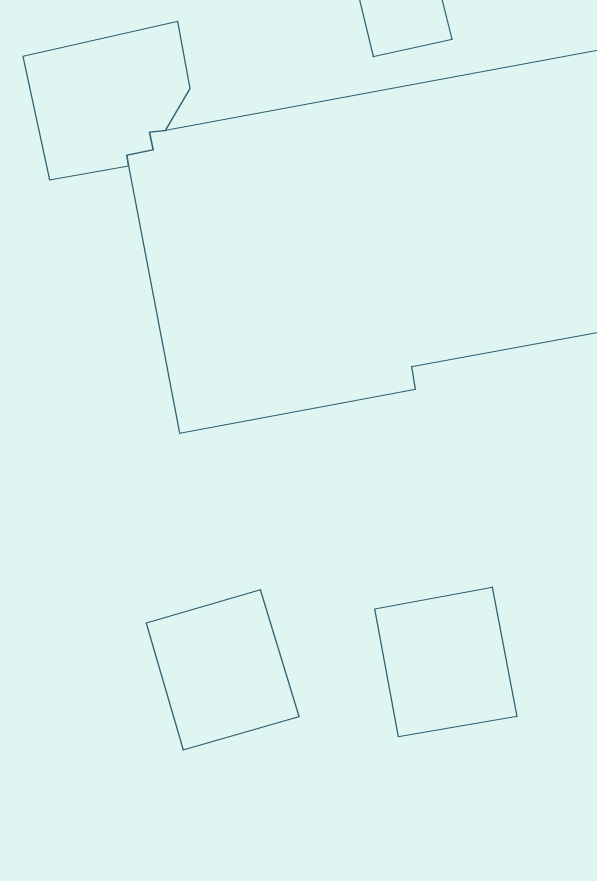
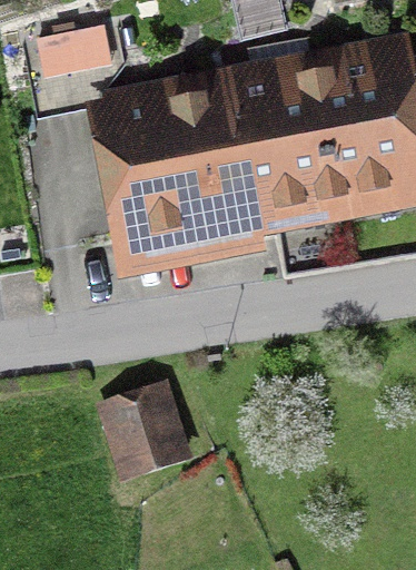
building: [375,587,517,737] -> none

